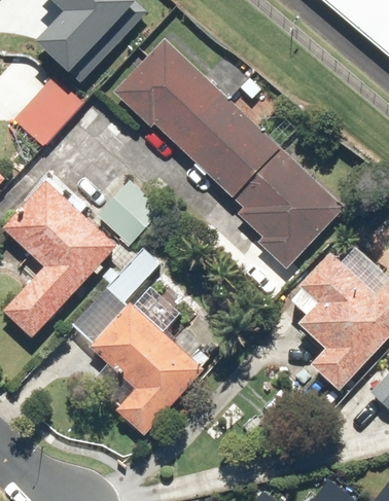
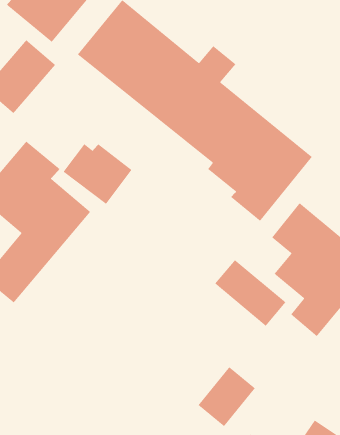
building: [72,246,209,437] -> none
building: none -> [214,259,286,327]
building: none -> [197,366,256,427]

